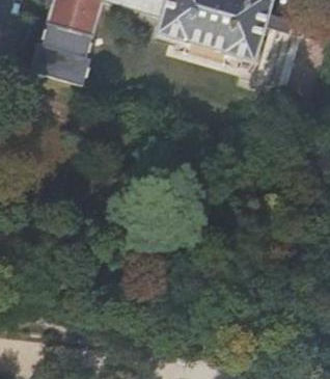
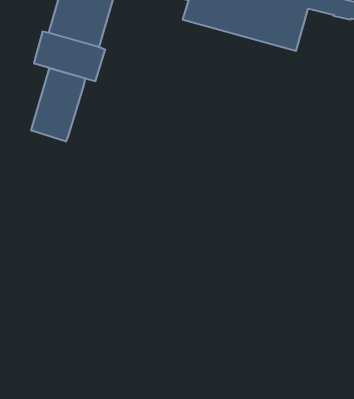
building: none -> [31,68,85,142]

